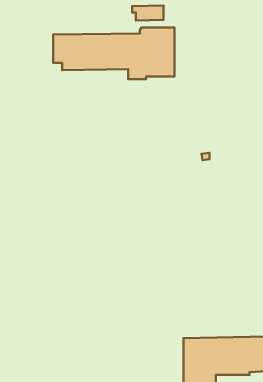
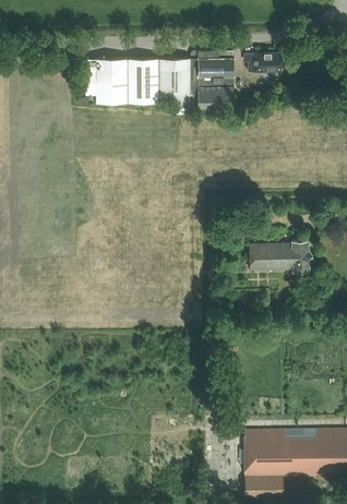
building: [132,5,163,21] -> [243,53,282,72]
building: none -> [249,240,312,272]

